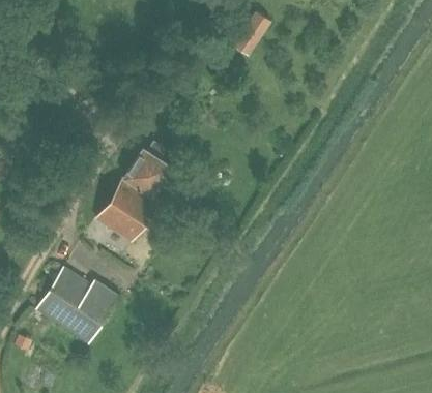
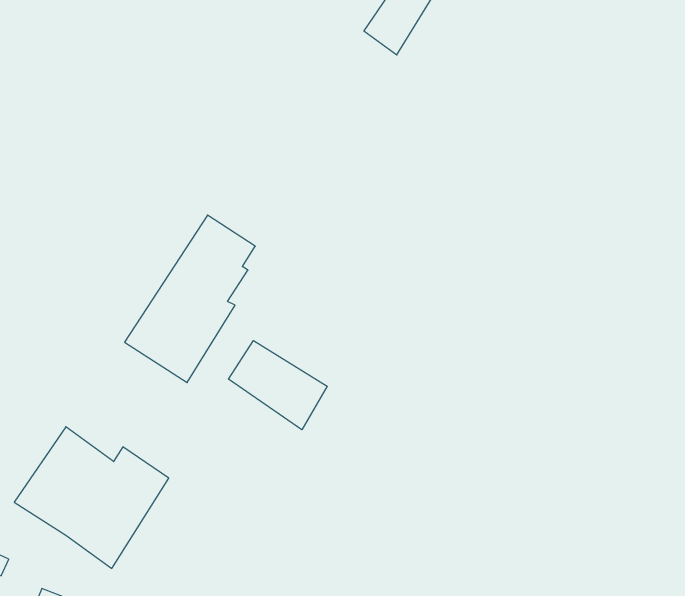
building: none -> [228,341,327,430]

